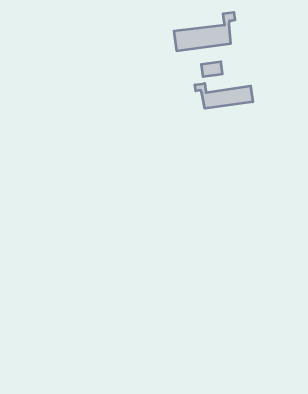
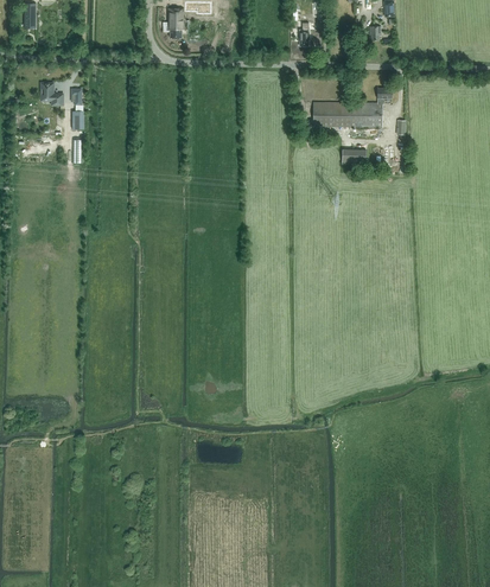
building: [195,83,253,108] -> none

